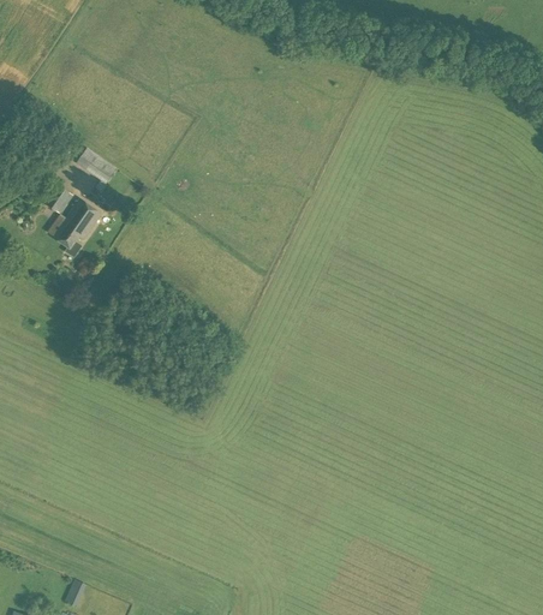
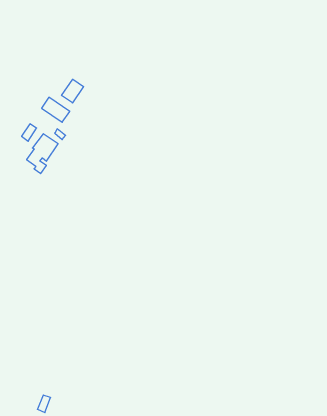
building: none -> [62,79,84,103]

